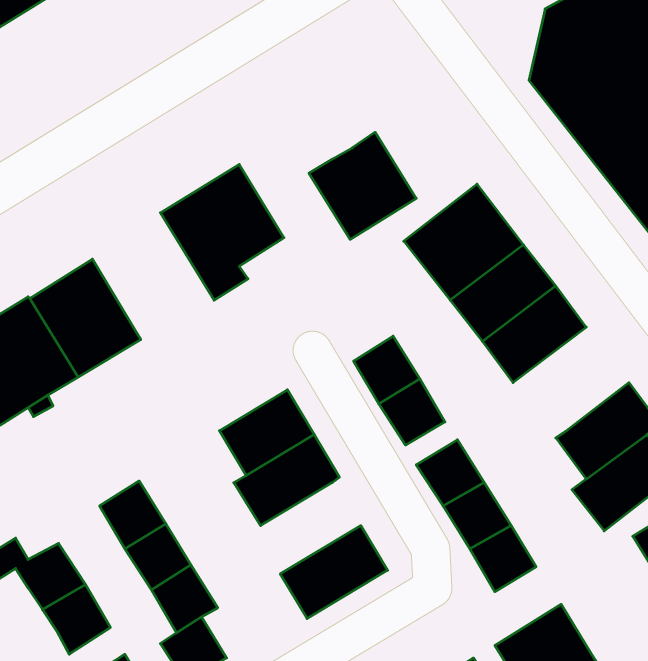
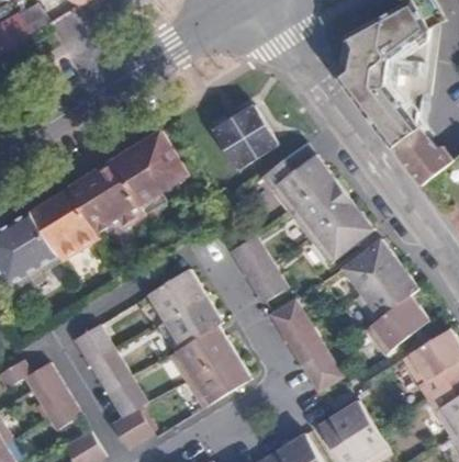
building: none -> [69,159,145,232]
building: none -> [342,238,400,293]
building: none -> [169,325,235,381]

